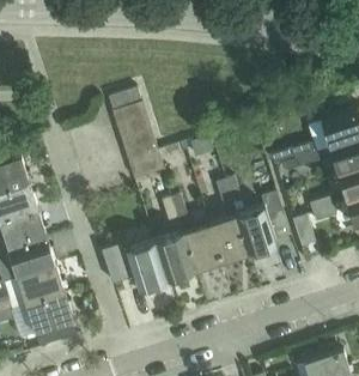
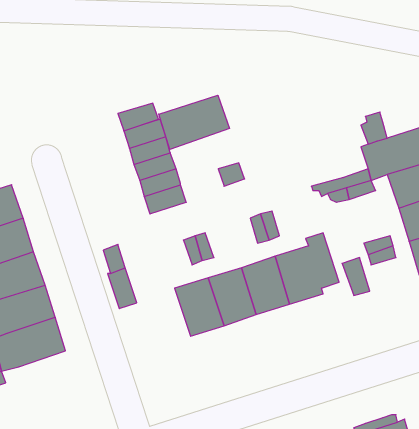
building: none -> [159,95,229,149]
building: [126,242,166,291] -> none
building: [25,293,73,334] -> none

